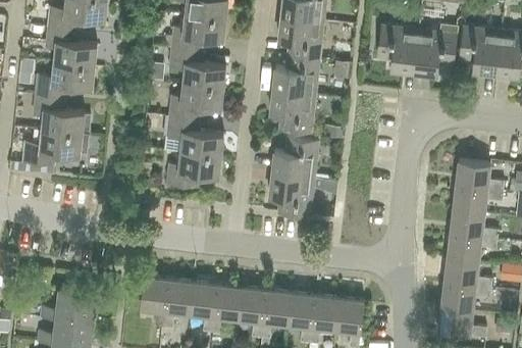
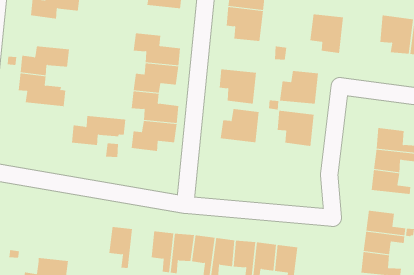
building: [171,13,225,49] -> none
building: [45,26,97,65] -> none
building: [413,28,456,73] -> none
building: [272,53,319,93] -> [279,71,319,104]
building: [22,129,90,164] -> [71,115,128,145]
building: [269,171,314,214] -> [277,110,315,146]
building: [447,233,497,260] -> none
building: [163,279,193,327] -> none
building: [42,287,96,317] -> none

